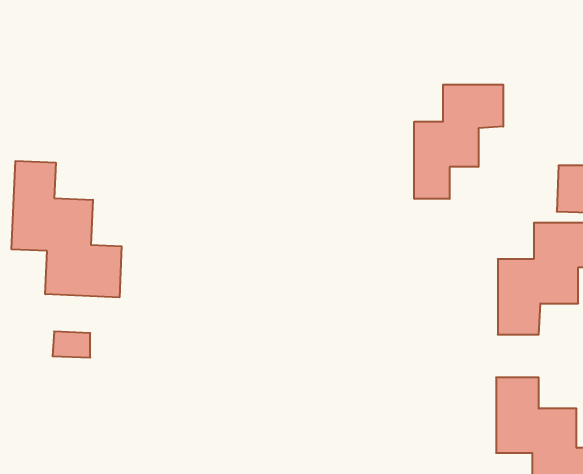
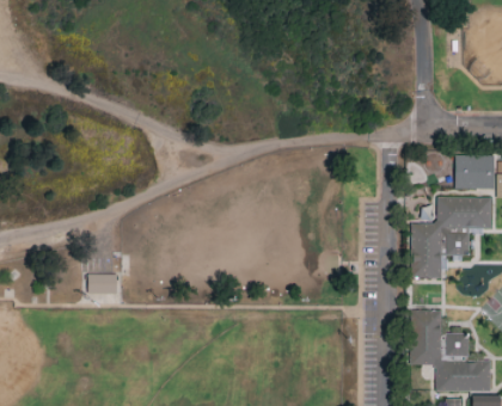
building: [414,85,503,199] -> none
building: [12,161,122,297] -> none

